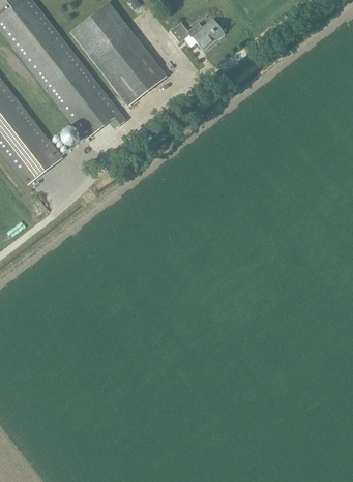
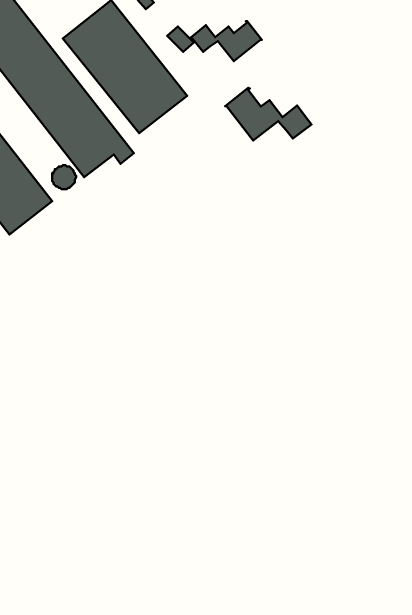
building: none -> [225,88,312,140]

